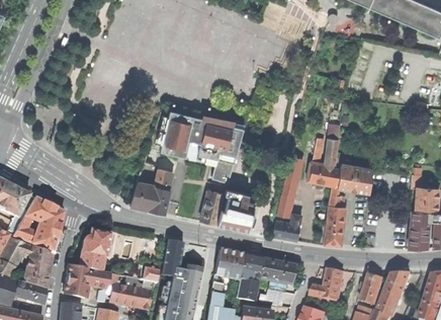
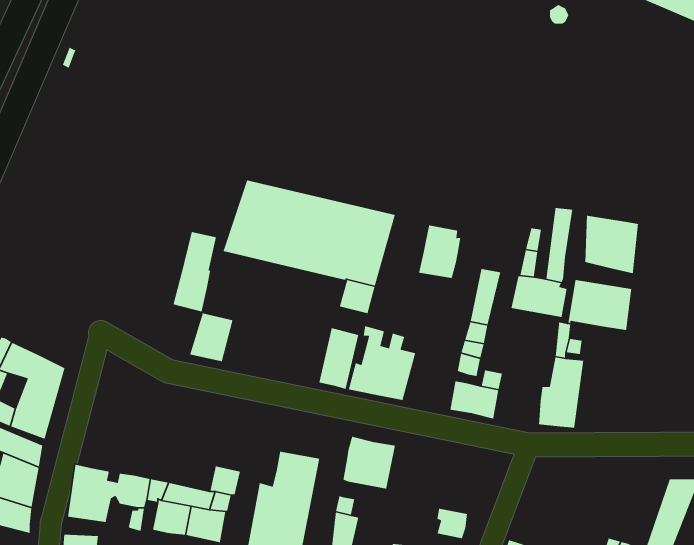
building: none -> [585,215,639,274]
building: none -> [418,224,461,279]
building: [149,168,173,213] -> [173,231,217,312]
building: [77,229,113,270] -> none
building: [161,239,183,276] -> none
building: [236,254,294,301] -> none
building: [311,268,344,300] -> none
building: [361,272,383,304] -> none

